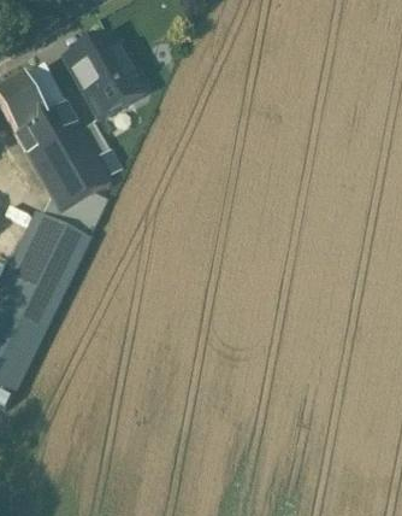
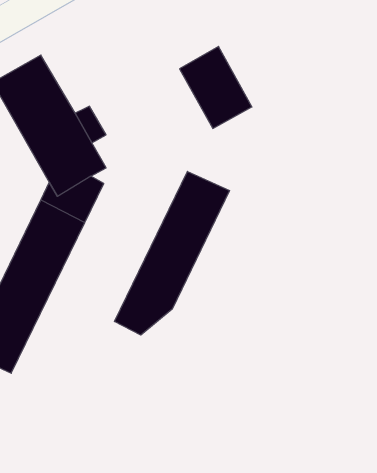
building: [66,30,140,113] -> [180,46,252,128]
building: none -> [115,171,229,335]

